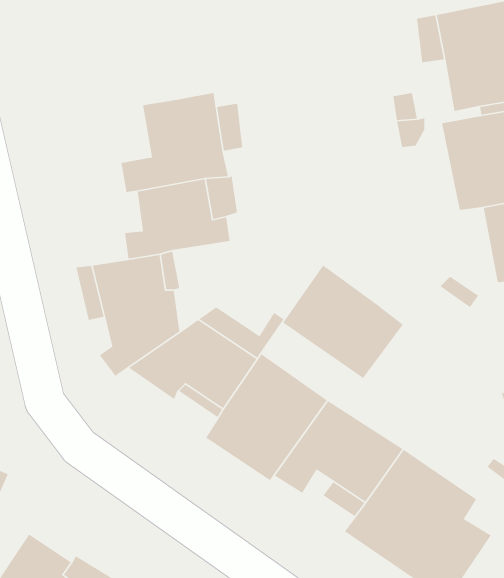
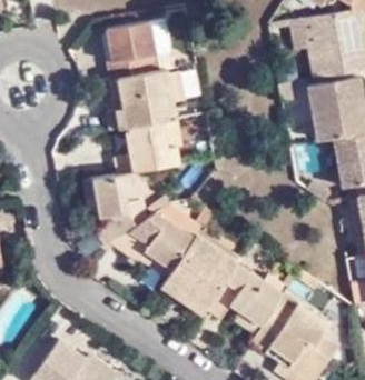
building: none -> [108,22,158,80]
building: [282,264,404,379] -> none

